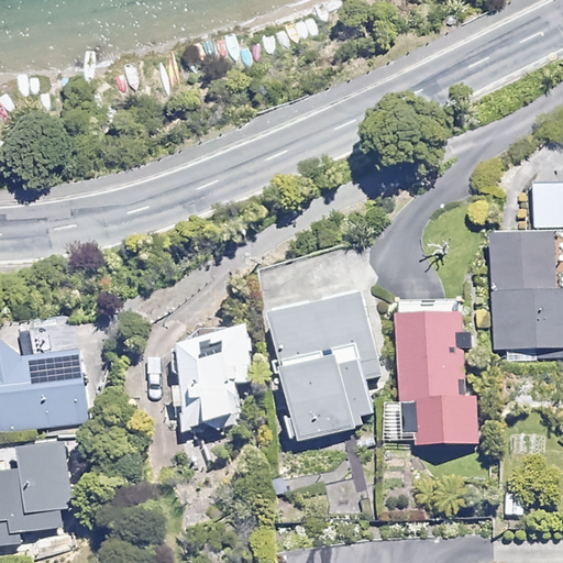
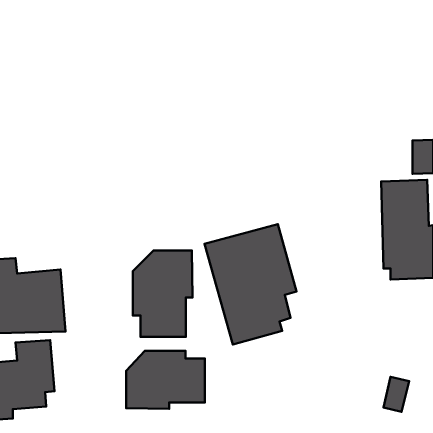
building: [395,297,477,444] -> none
building: none -> [126,351,205,409]

